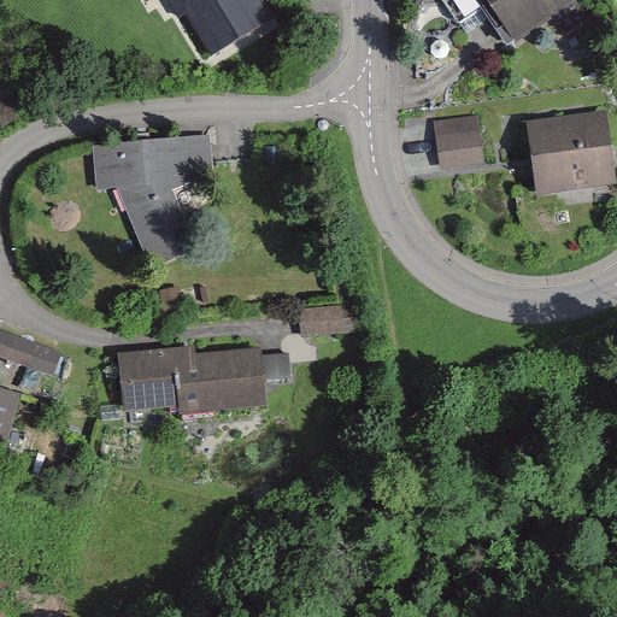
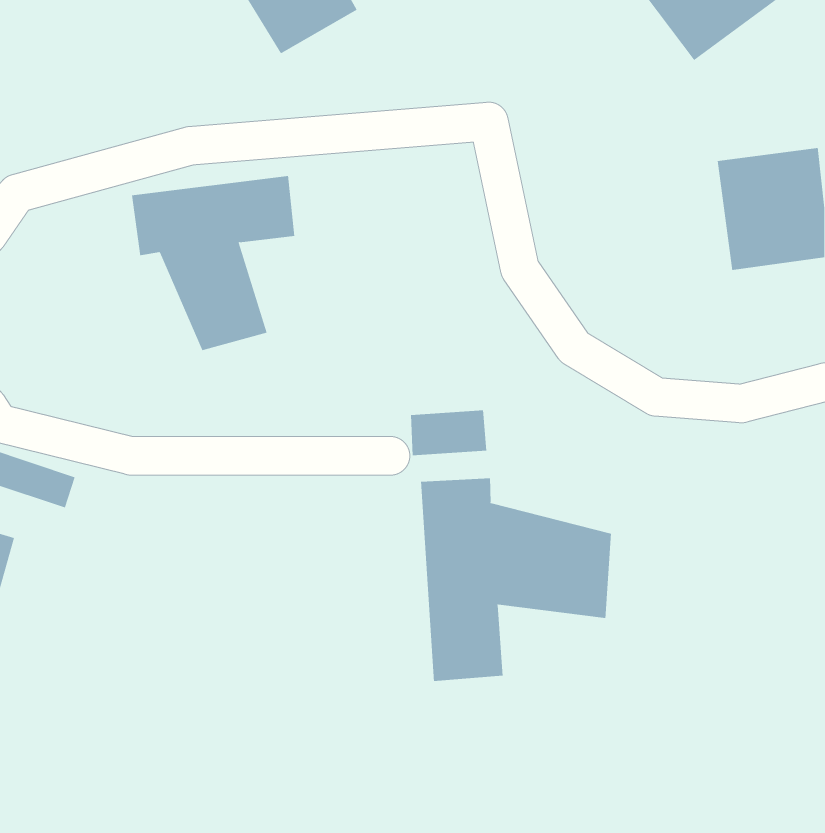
building: [433,113,484,168] -> none
building: [121,347,272,419] -> none
building: none -> [420,477,611,682]

